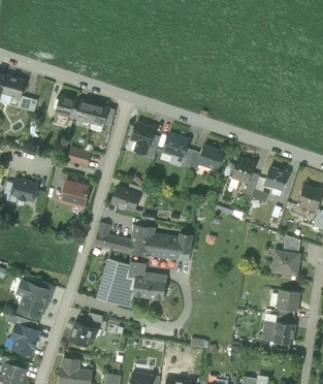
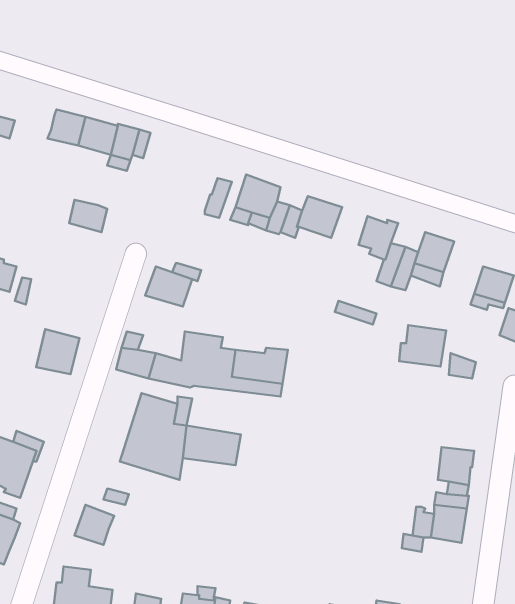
building: [130,123,154,154] -> none
building: [63,182,88,207] -> [36,329,79,374]
building: [272,250,299,274] -> [399,325,446,367]

